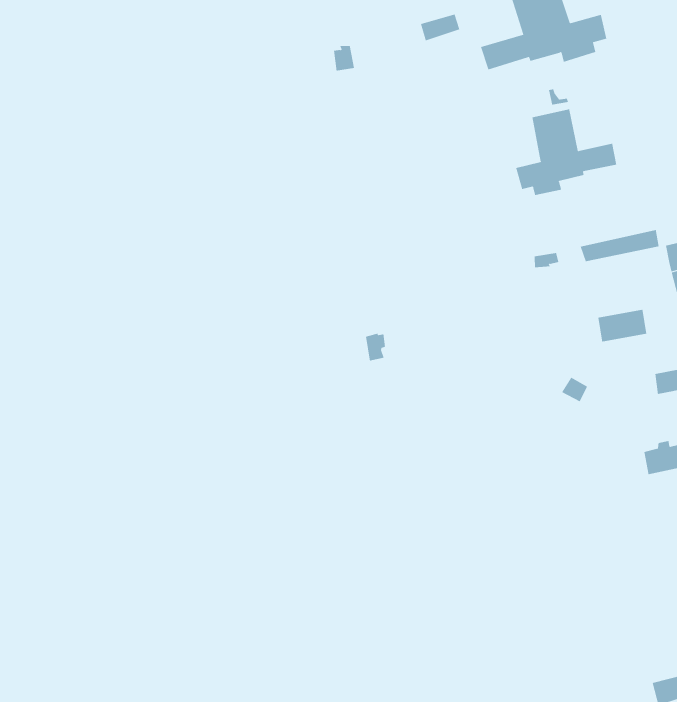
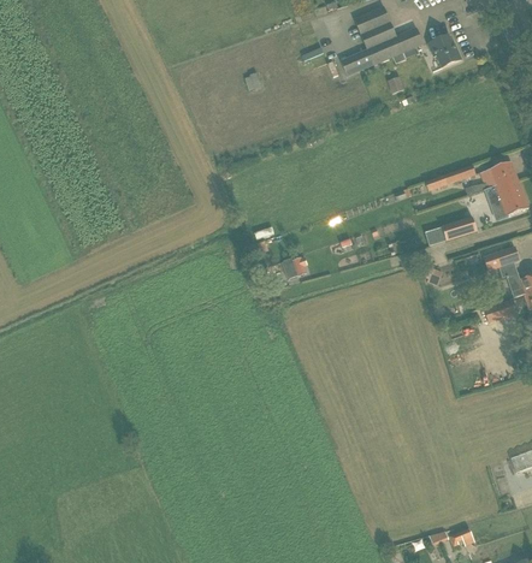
building: none -> [427,35,461,67]
building: [515,109,617,196] -> none

